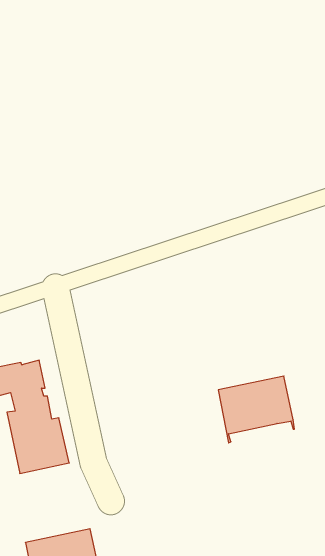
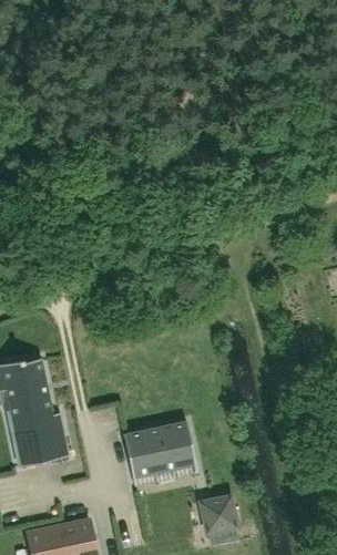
building: [218,376,294,443] -> [123,421,196,485]
building: none -> [201,496,235,531]

